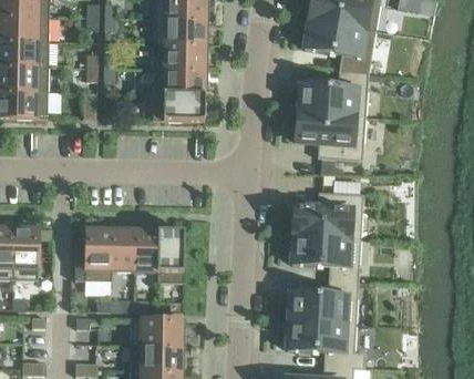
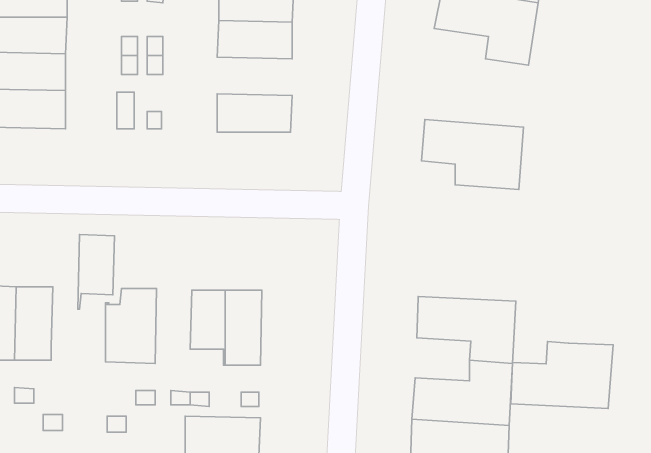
building: [153,68,205,94] -> none
building: [297,69,369,116] -> none
building: [292,191,363,237] -> [511,342,613,409]
building: [110,228,135,280] -> [78,234,115,309]

